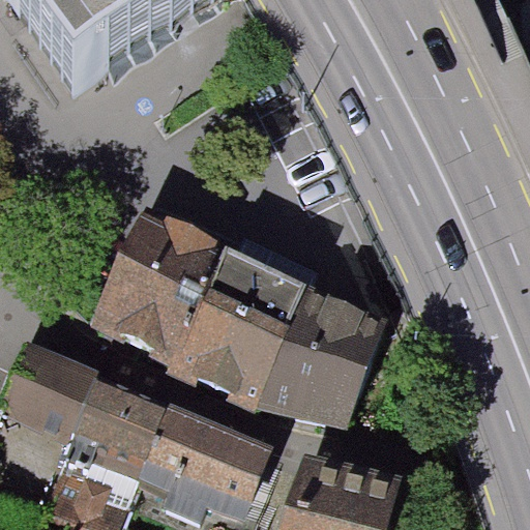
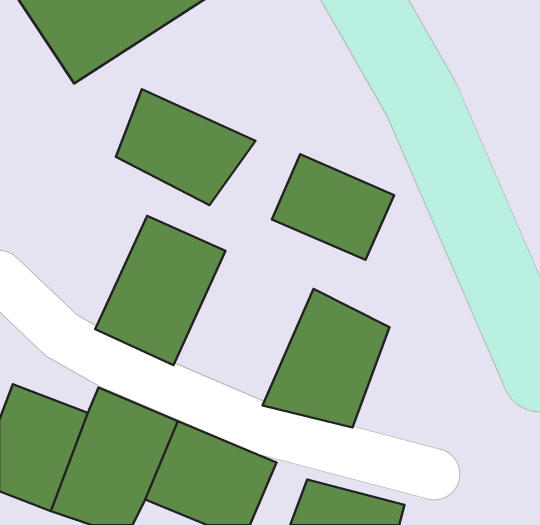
building: none -> [116,89,255,205]
building: none -> [272,154,394,260]
building: [170,245,306,396] -> none

